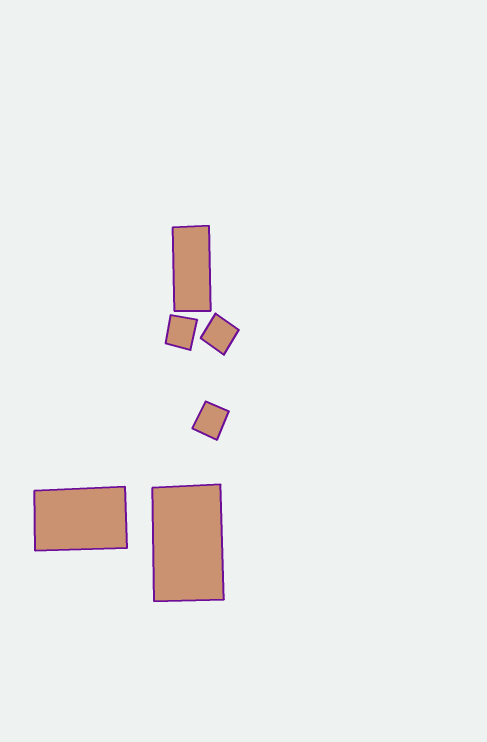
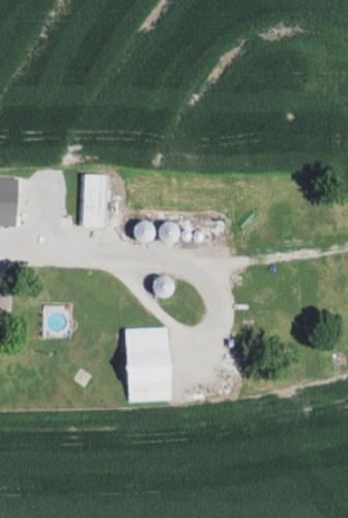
building: [173,226,211,311] -> [81,173,105,226]
building: [35,487,127,551] -> none

